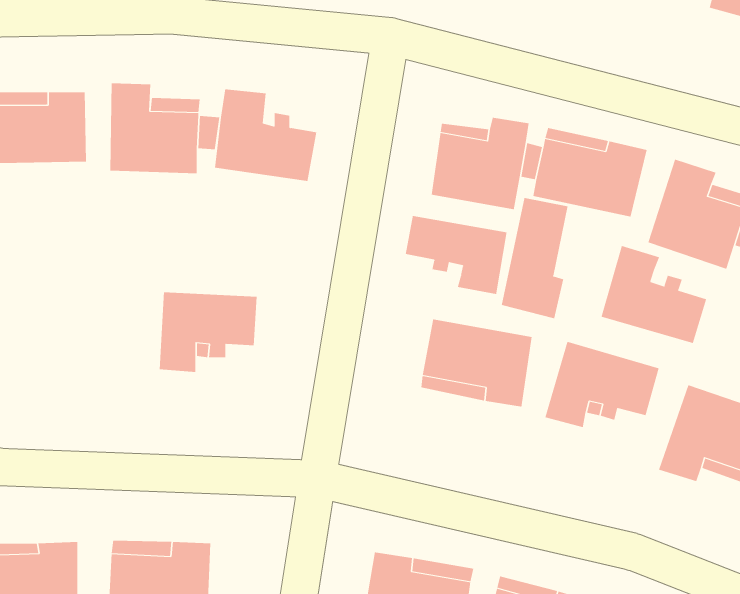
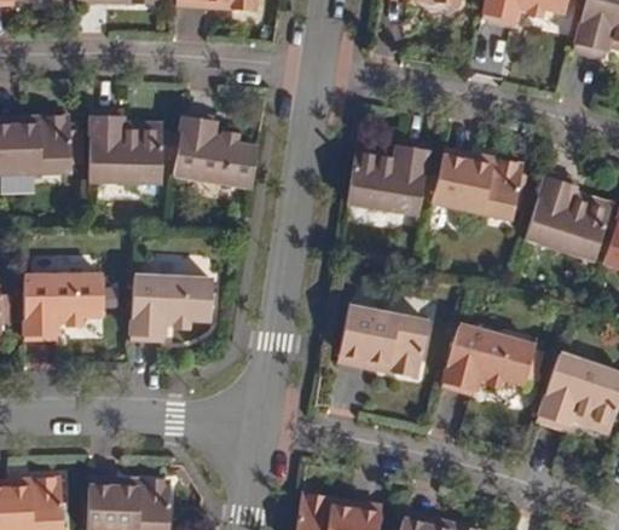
building: [501,197,568,319] -> none
building: [405,215,507,295] -> none
building: [601,245,707,344] -> none
building: none -> [23,275,102,341]

